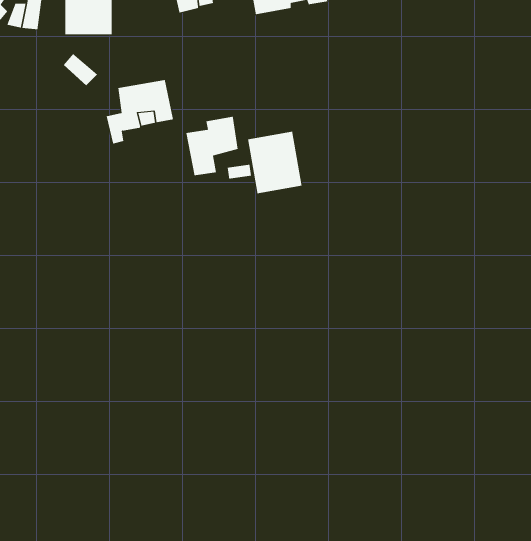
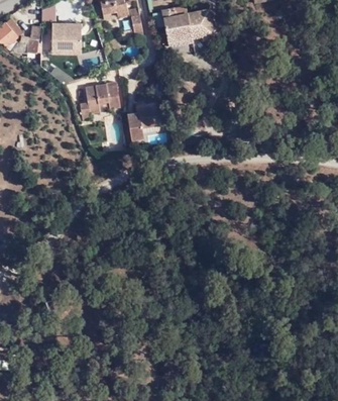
building: [247,131,302,194] -> none

